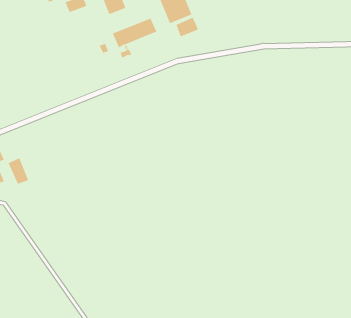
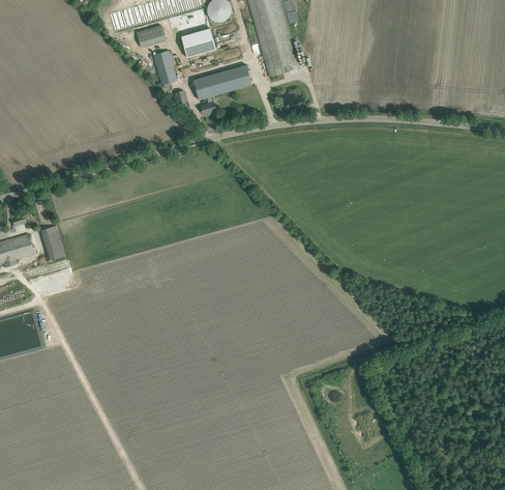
building: none -> [152,51,177,85]
building: [176,17,199,38] -> none

